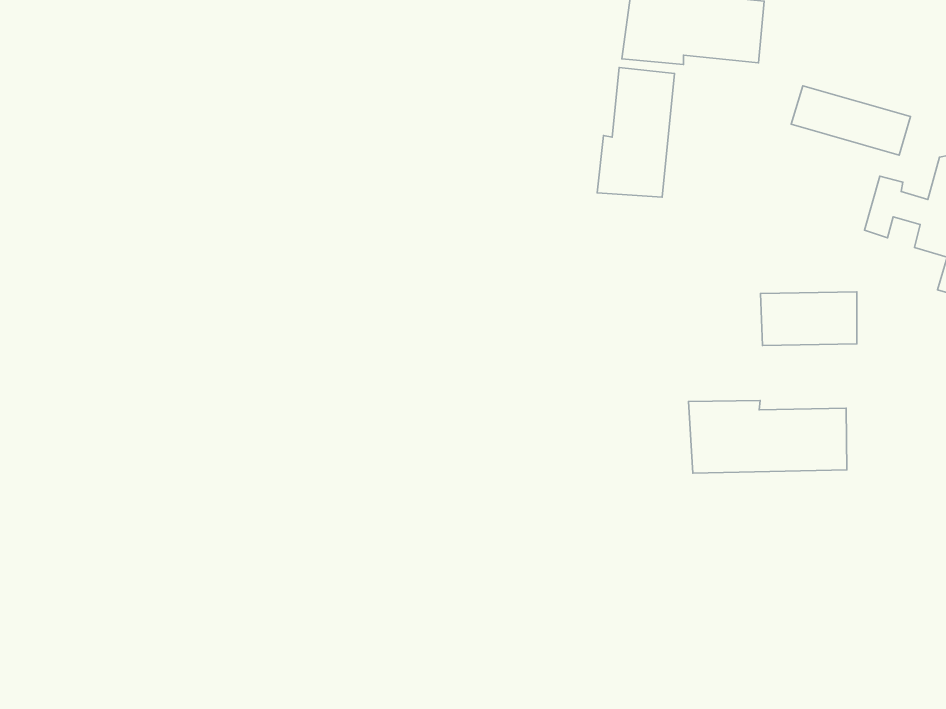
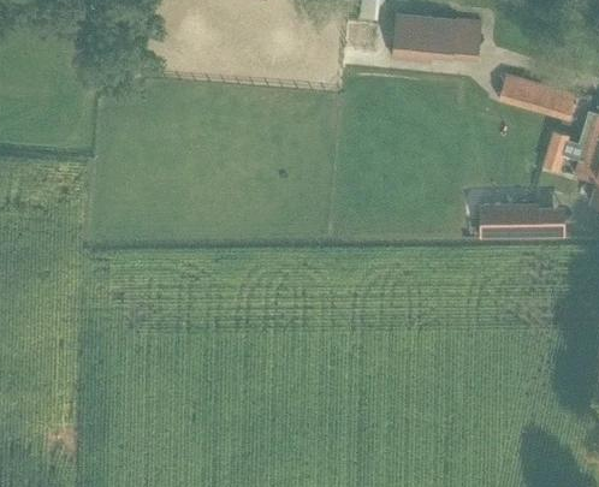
building: [597,67,675,197] -> none
building: [689,400,847,473] -> none

